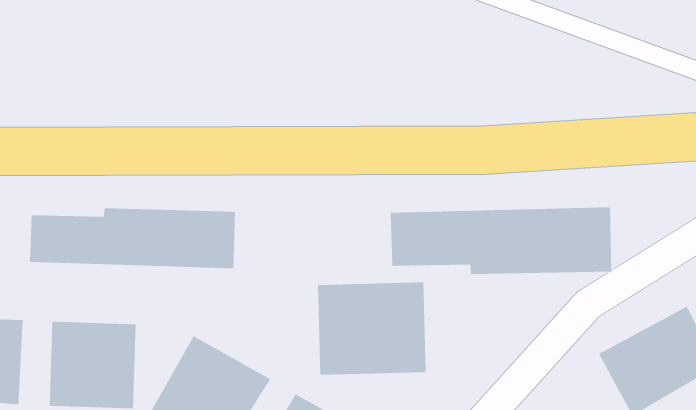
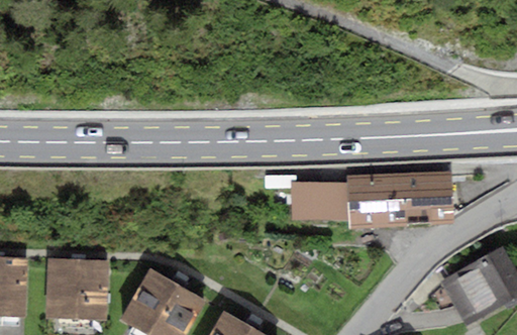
building: [29,207,235,269] -> none
building: [318,282,426,376] -> none

